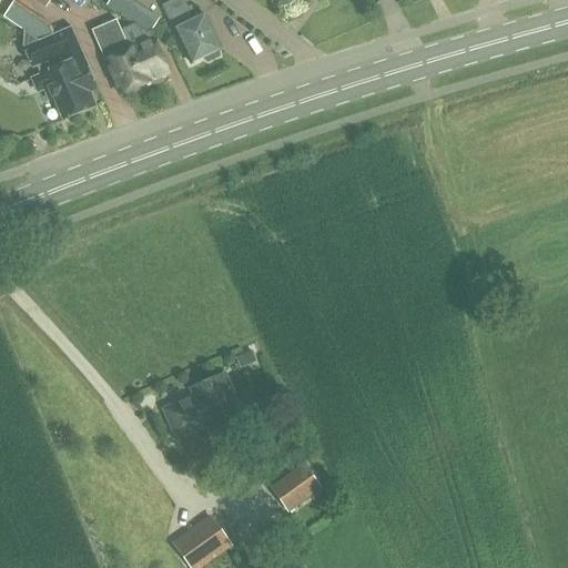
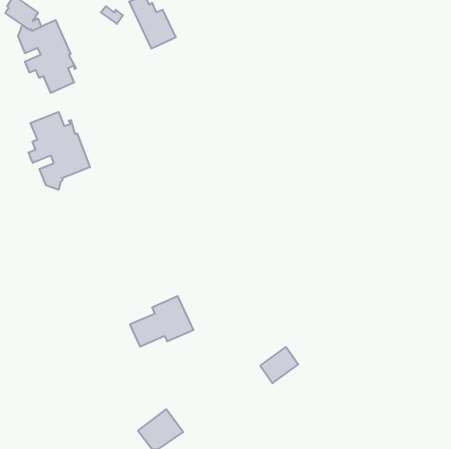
building: [90,17,165,91] -> none
building: none -> [28,112,90,190]
building: [272,463,320,508] -> [260,347,298,383]

